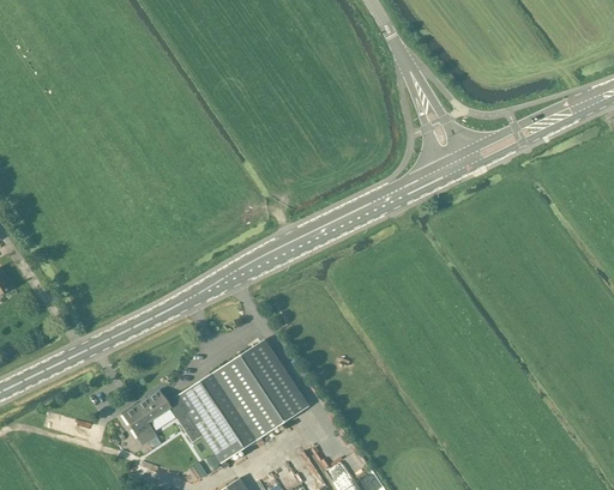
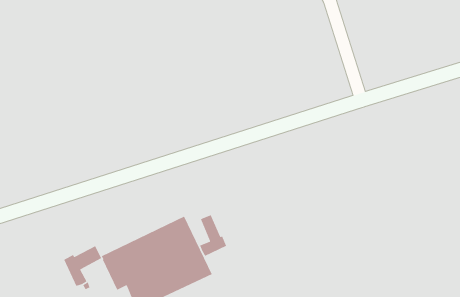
building: none -> [199,214,227,257]

